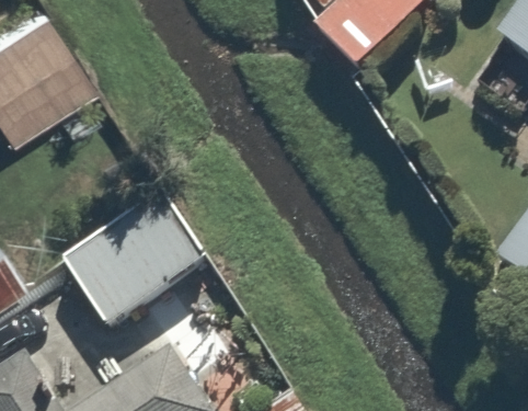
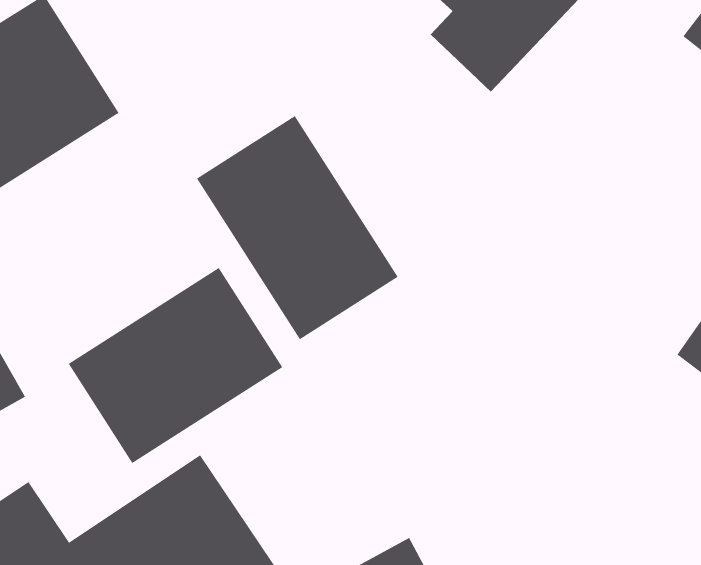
building: none -> [196,115,399,340]

